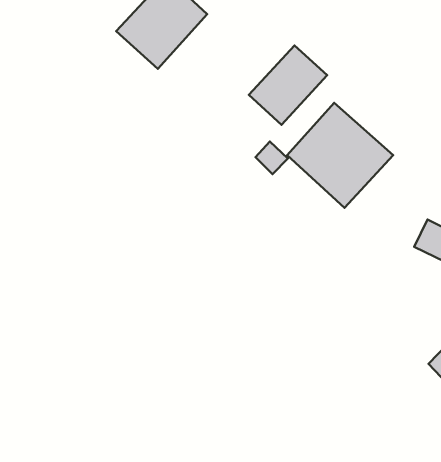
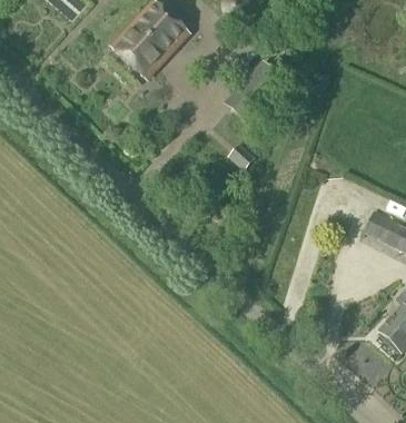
building: [287,103,393,208] -> none

